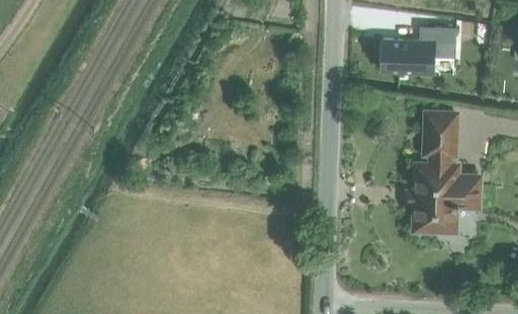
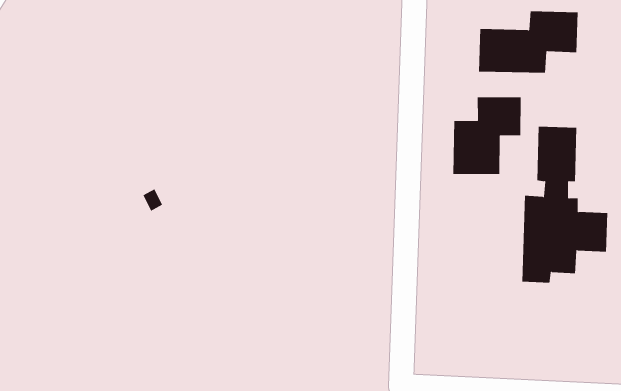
building: none -> [453,96,521,175]

